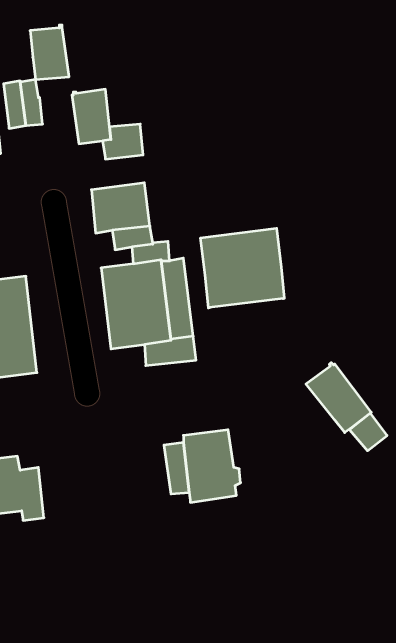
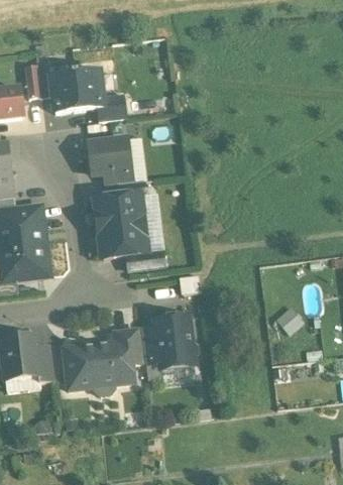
building: [30,25,69,80] -> [50,72,79,111]
building: [201,228,284,308] -> none
building: [306,363,371,433] -> none
building: none -> [62,328,140,394]

